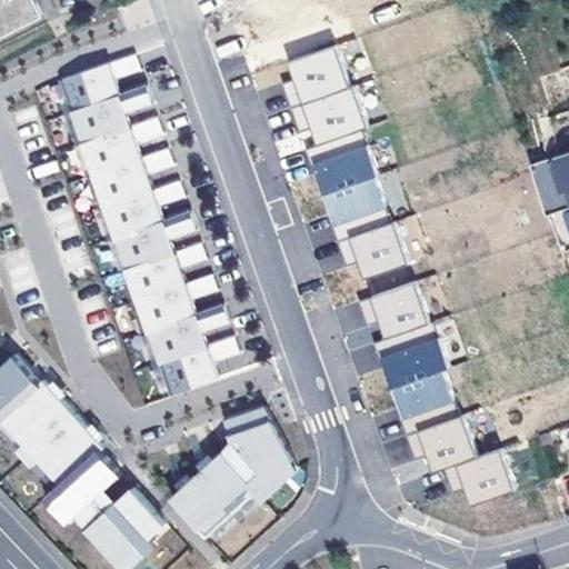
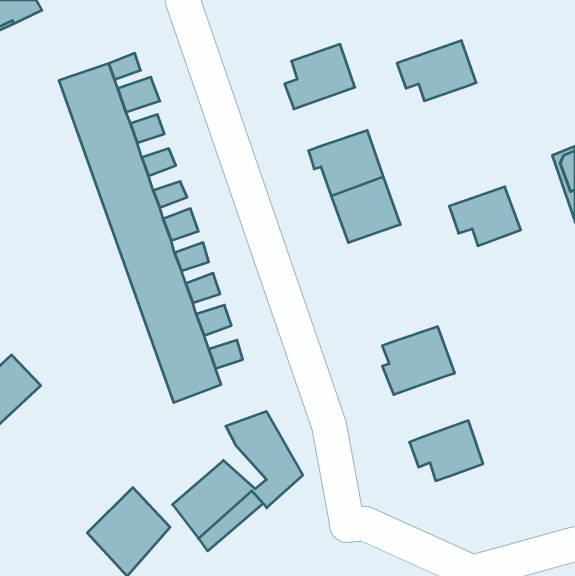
building: [288,88,366,147] -> [397,41,476,101]
building: [335,224,405,282] -> [449,187,521,246]
building: [359,282,426,338] -> none
building: [386,371,456,431] -> none
building: [10,390,122,521] -> none
building: [440,450,511,508] -> none

